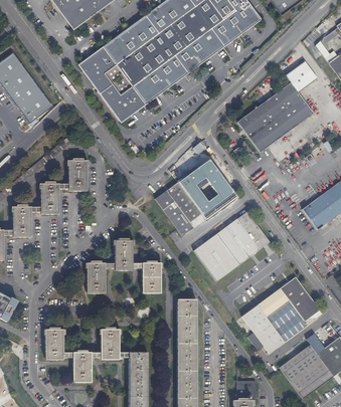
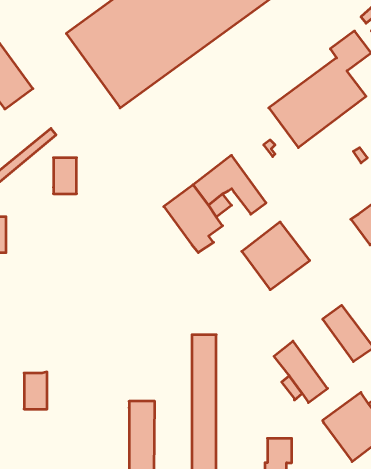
building: [41,184,59,212] -> none
building: [194,234,239,281] -> none
building: [115,240,134,268] -> none
building: [88,262,106,291] -> none
building: [143,263,161,293] -> none
building: [258,287,308,342] -> none
building: [102,329,120,358] -> none
building: [73,352,92,380] -> none

